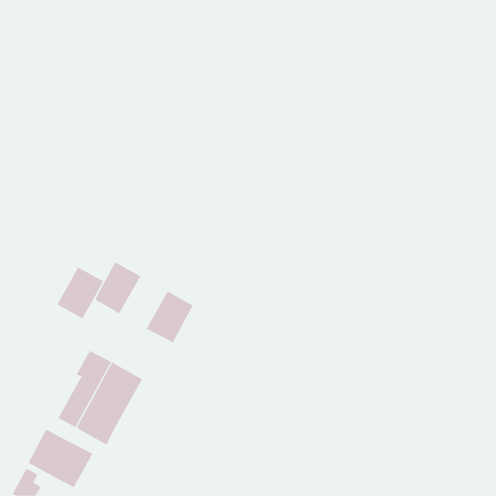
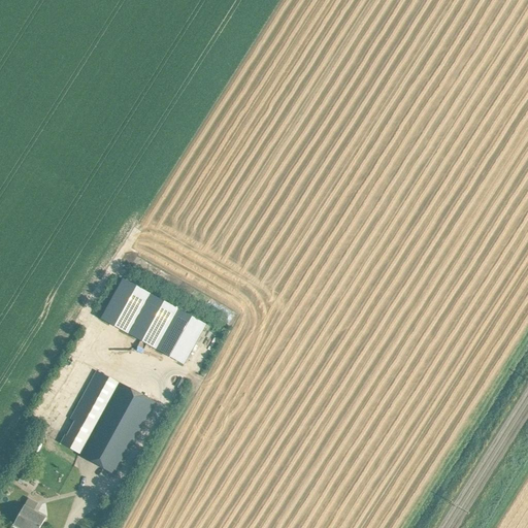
building: [57,267,104,319] -> [127,293,177,349]
building: [28,429,93,488] -> none

